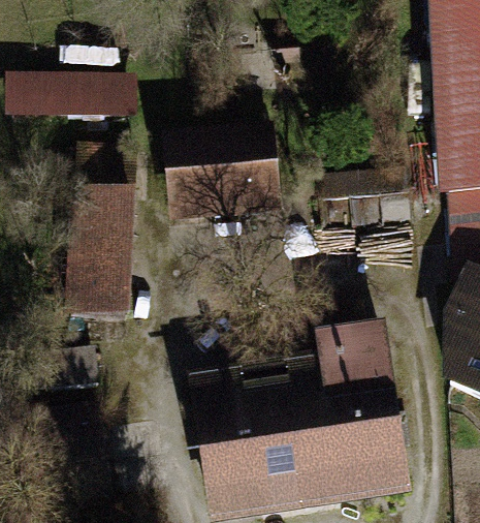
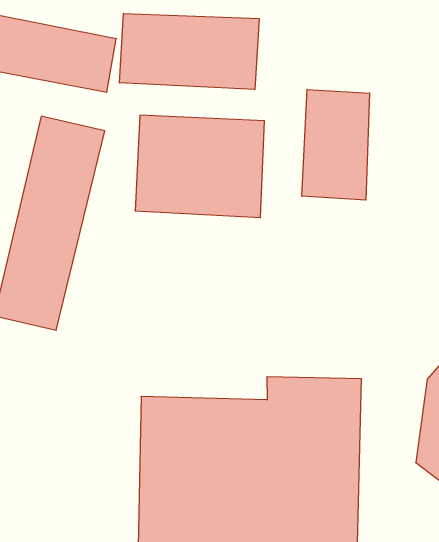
building: none -> [119,13,259,90]
building: none -> [302,89,370,200]

